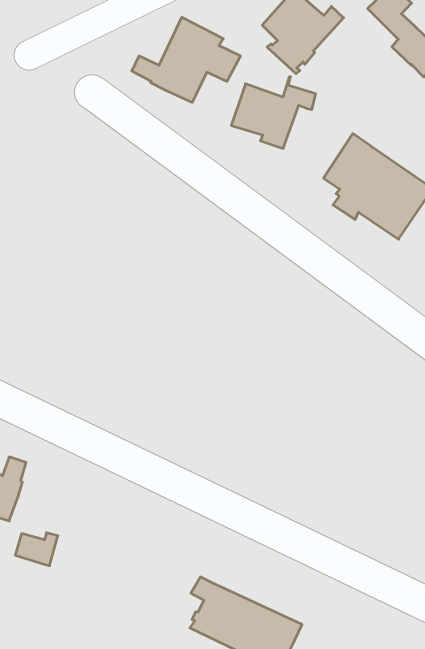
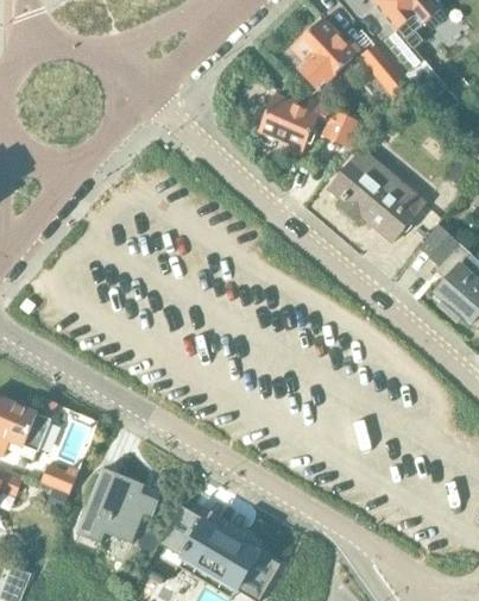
building: none -> [360,44,408,96]
building: [132,17,240,102] -> none
building: none -> [320,111,361,149]
building: none -> [78,469,158,544]

